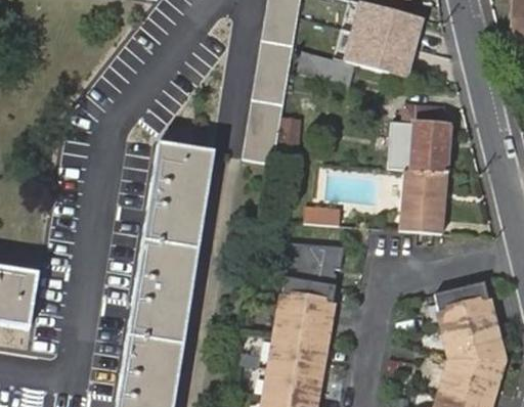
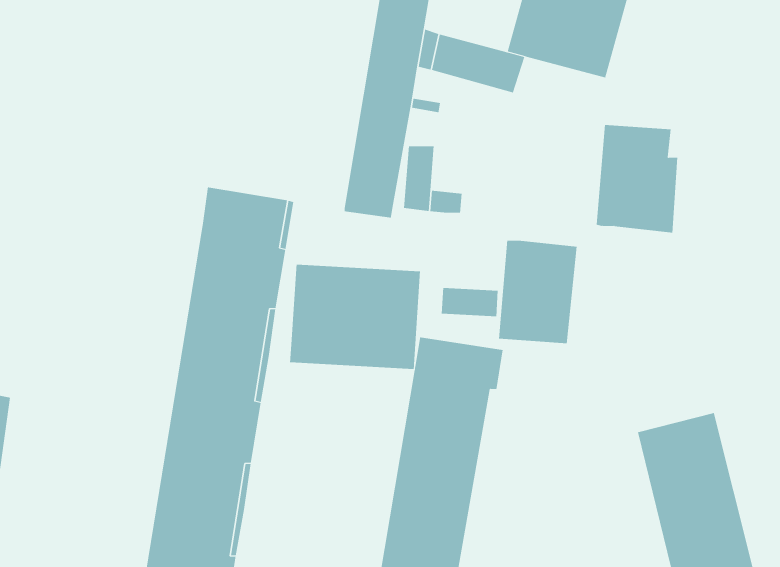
building: [399,168,448,232] -> [498,240,577,344]
building: none -> [290,264,421,370]

